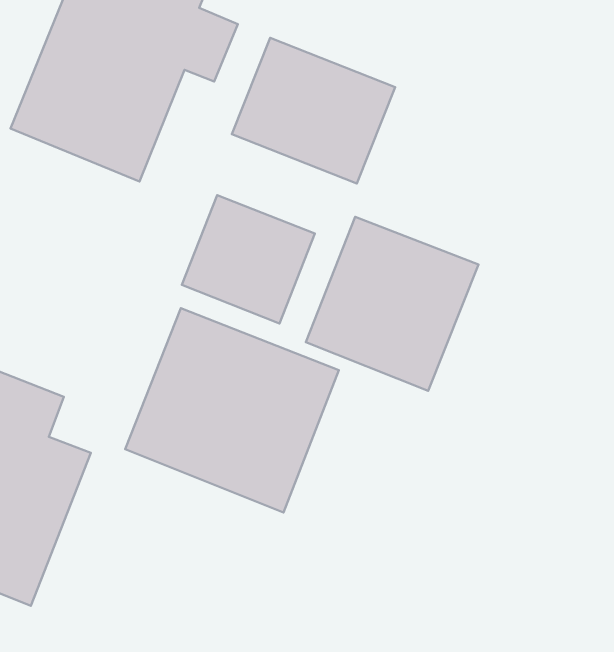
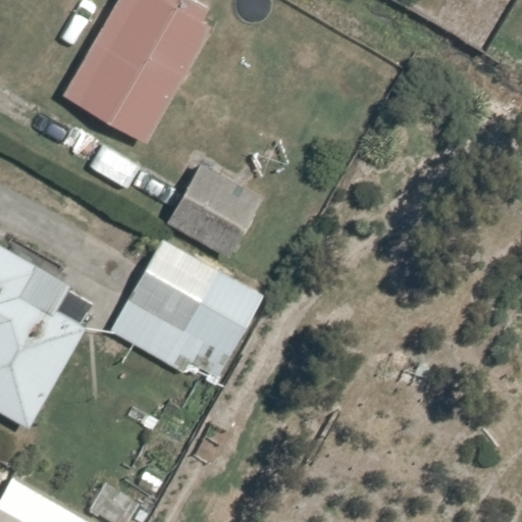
building: [232,38,395,184] -> none
building: [306,217,479,391] -> none

